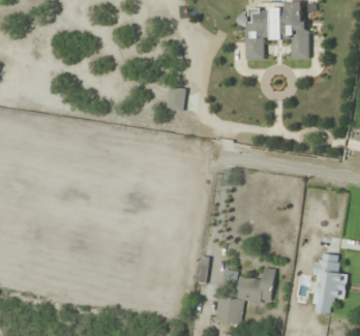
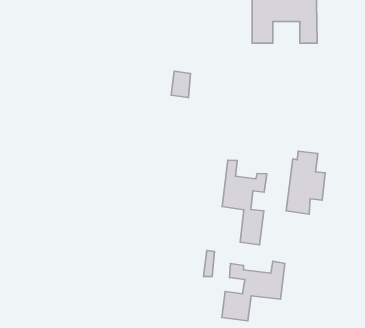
building: none -> [222,160,267,245]
building: [310,253,348,313] -> [286,151,325,214]

